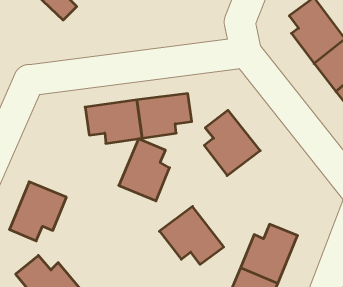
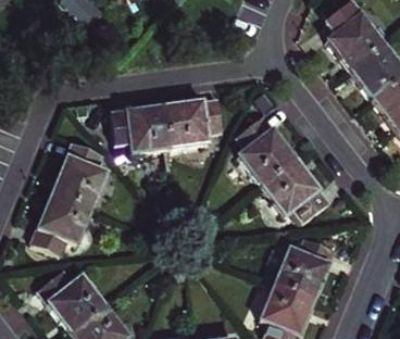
building: [119,139,170,201] -> [52,145,105,210]
building: [159,206,224,264] -> [260,161,327,222]

